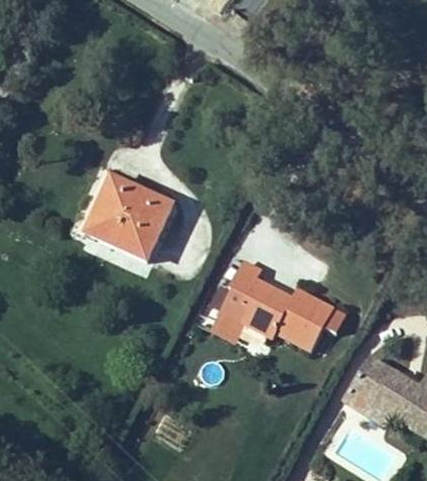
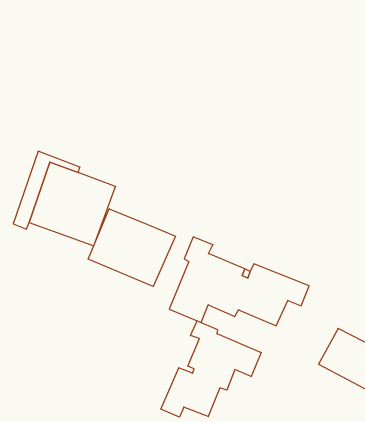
building: none -> [88,209,176,286]
building: none -> [161,321,261,417]

